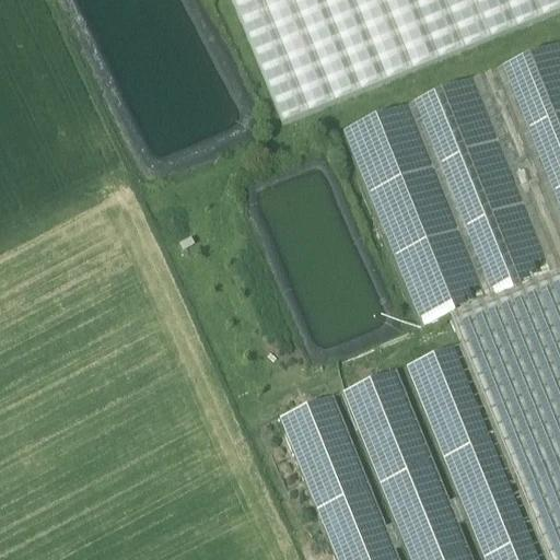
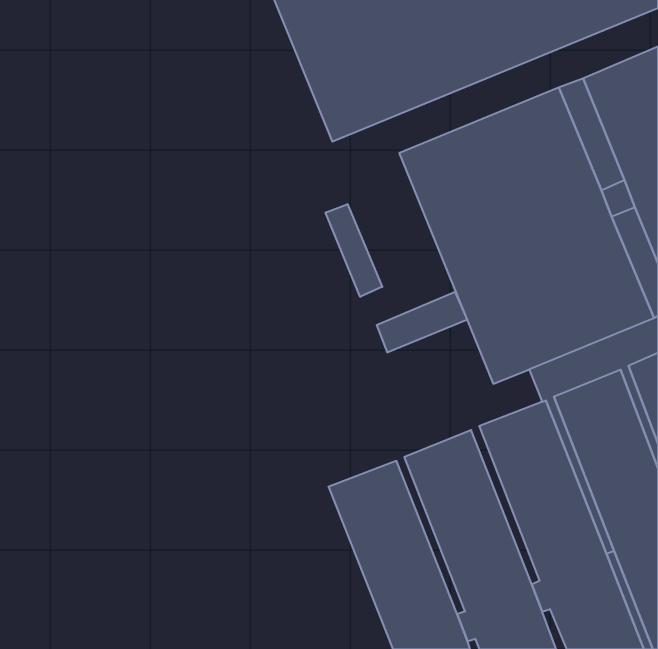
building: none -> [326,204,382,297]
building: none -> [377,292,467,353]

